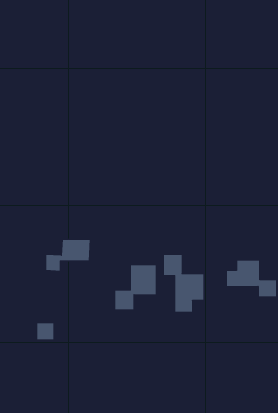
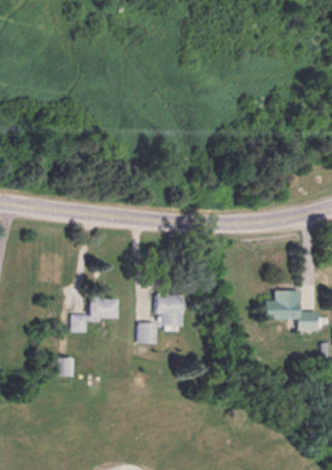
building: [45,239,90,271] -> [71,298,120,332]
building: [163,254,204,312] -> none

